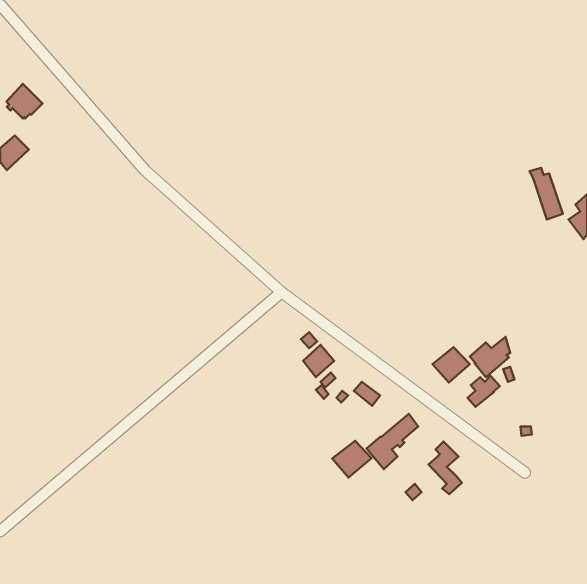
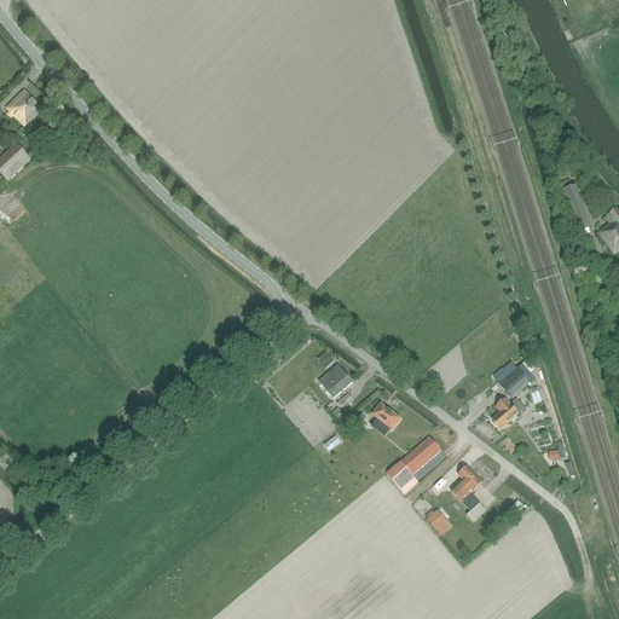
building: [433,347,470,383] -> none
building: [332,441,371,477] -> none

